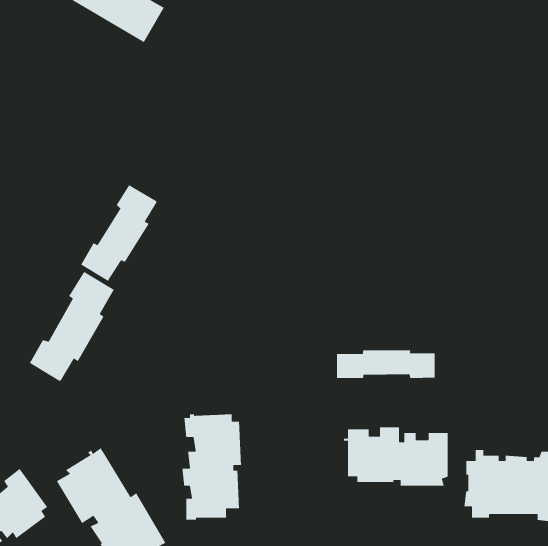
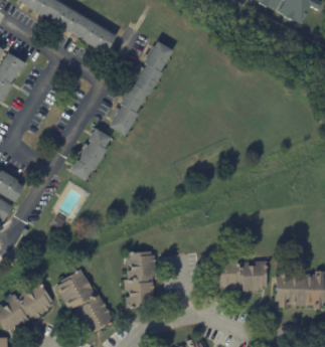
building: none -> [109,41,172,137]
building: [29,271,115,382] -> none
building: [336,349,435,379] -> none

